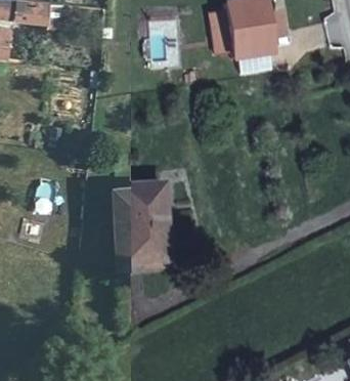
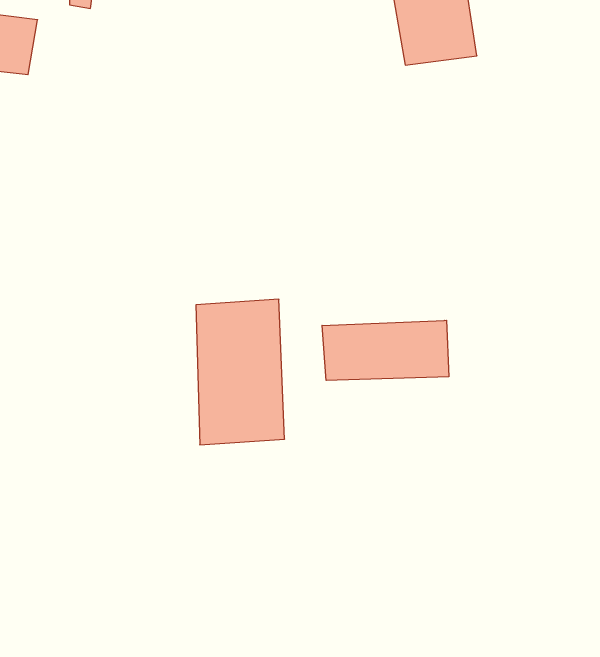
building: none -> [322,320,449,380]

